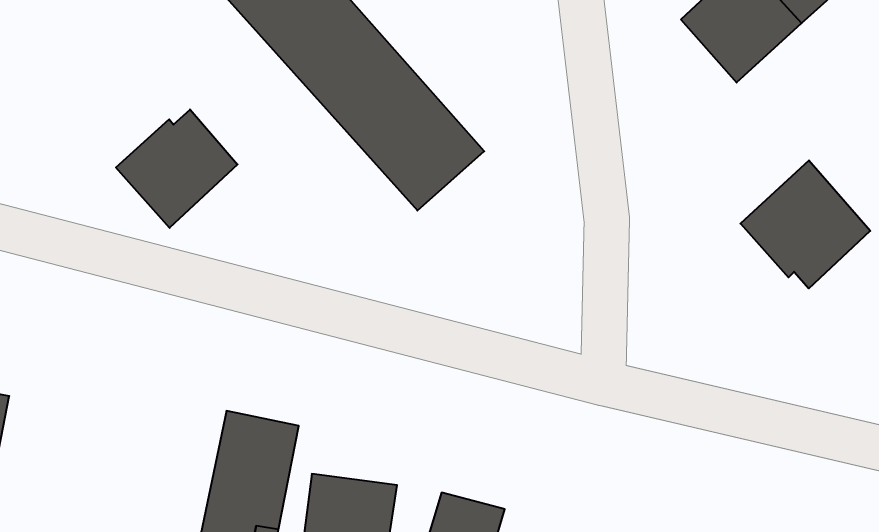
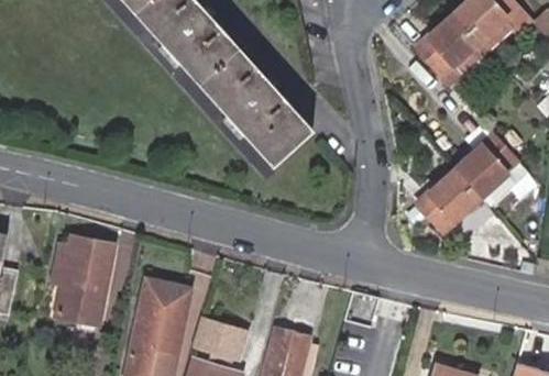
building: [116,109,238,228] -> none
building: none -> [416,168,482,233]
building: none -> [54,236,118,322]

